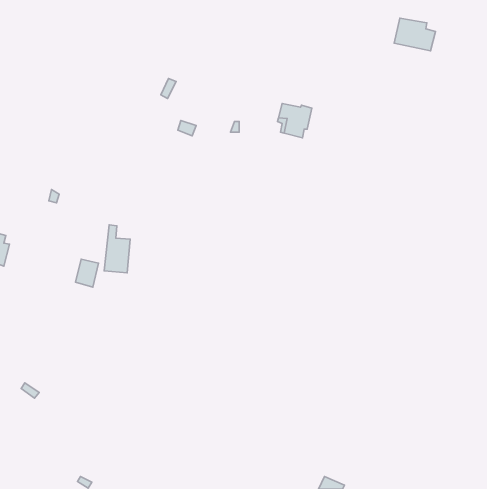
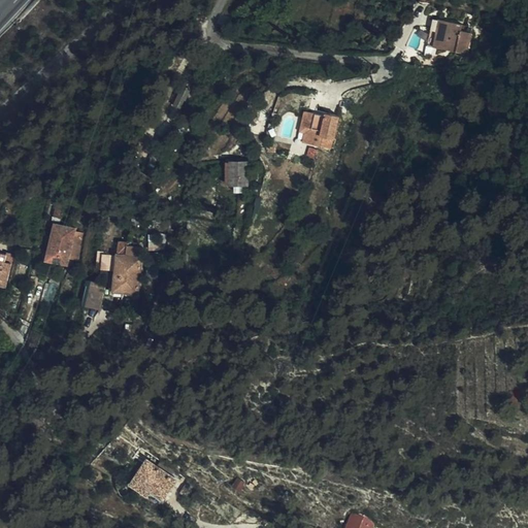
building: none -> [229,163,248,185]
building: none -> [45,225,74,265]
building: none -> [131,461,174,499]

